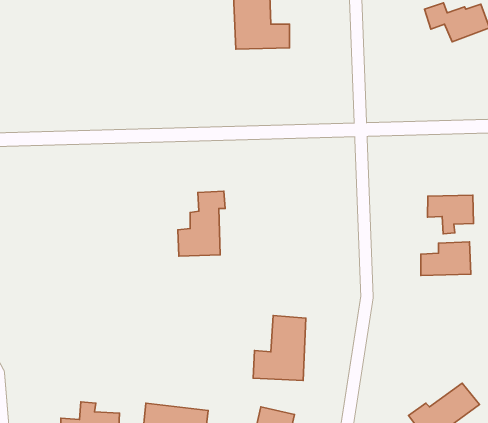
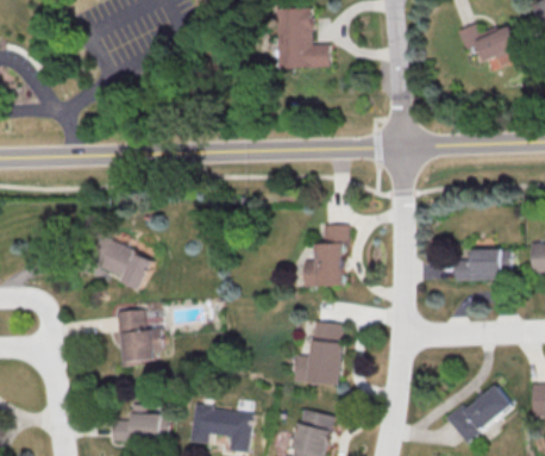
building: [178,191,225,256] -> [302,224,347,286]
building: [428,195,474,234] -> none
building: none -> [92,237,152,287]
building: none -> [115,310,162,367]

